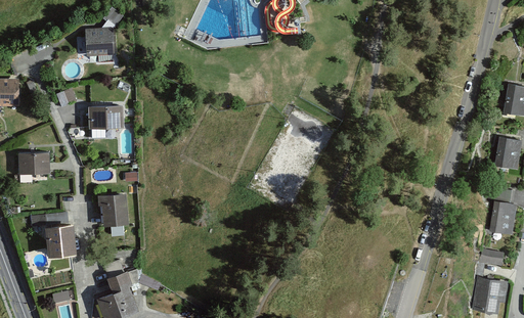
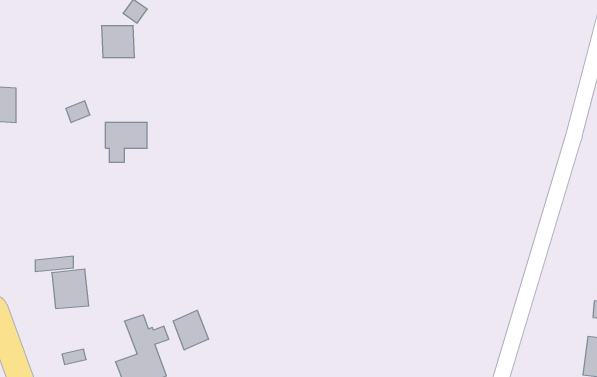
building: [18,153,49,174] -> none
building: [97,193,127,224] -> none
building: none -> [173,310,209,350]

